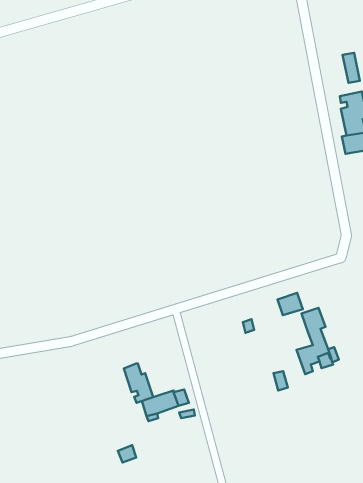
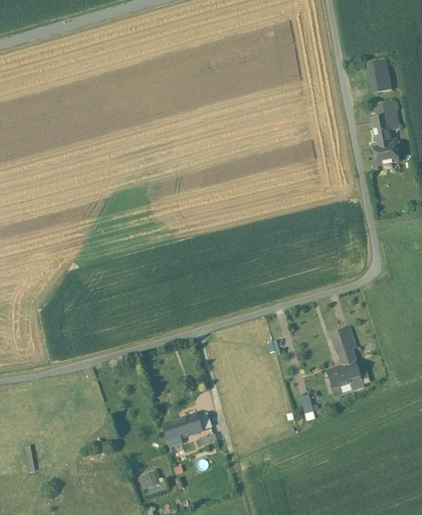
building: [278,293,303,315] -> none
building: [124,363,153,403] -> none

